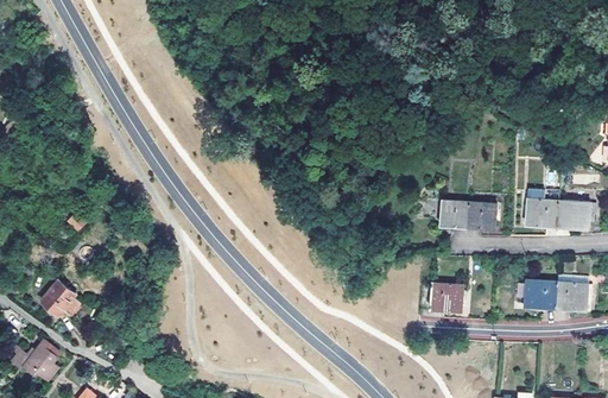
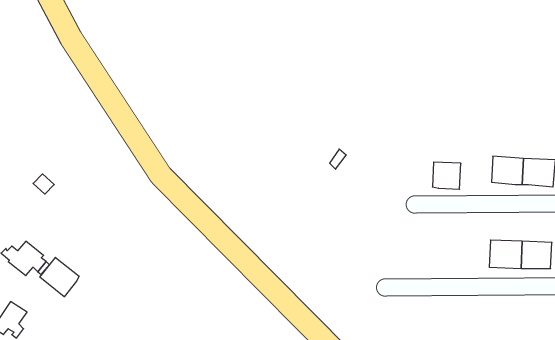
building: [439,200,468,227] -> none
building: [431,285,463,312] -> none
building: none -> [40,257,79,297]

